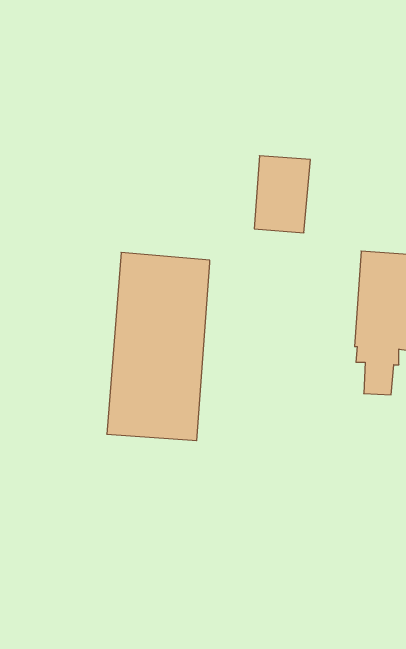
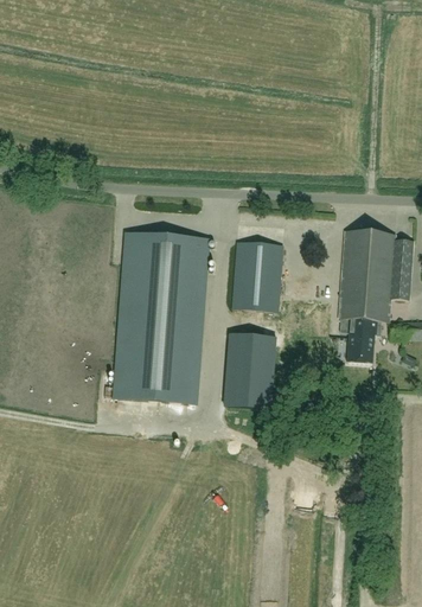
building: [254,156,310,233] -> [232,241,283,311]
building: none -> [224,333,274,407]

